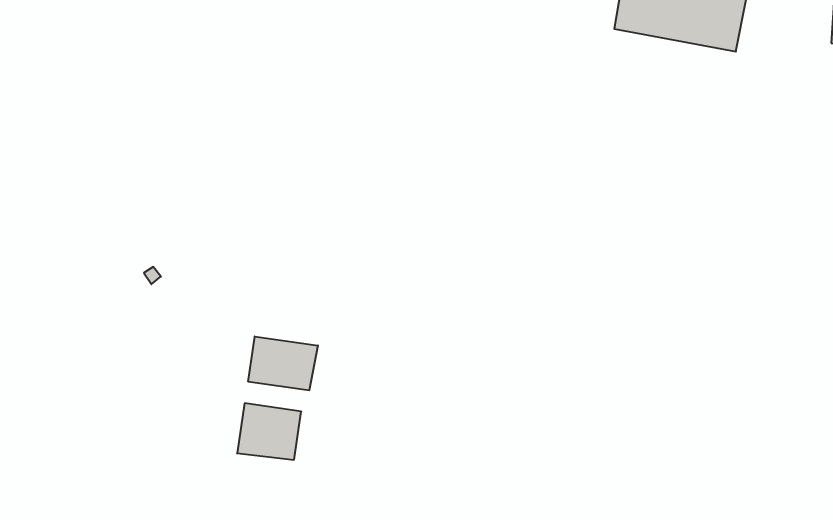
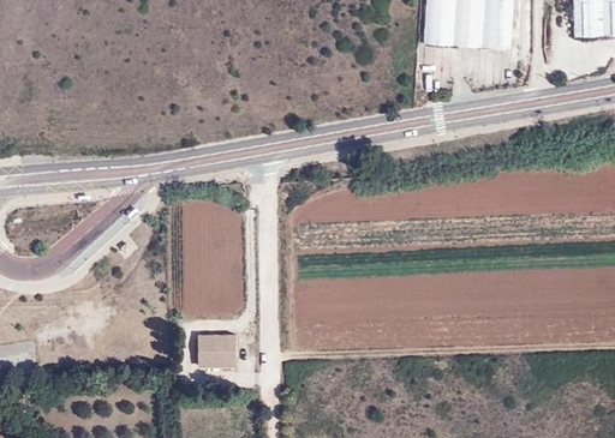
building: [248,336,318,390] -> none

